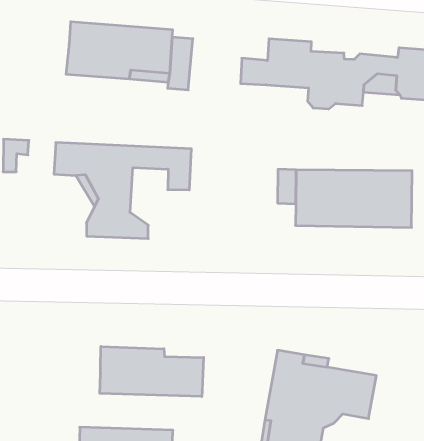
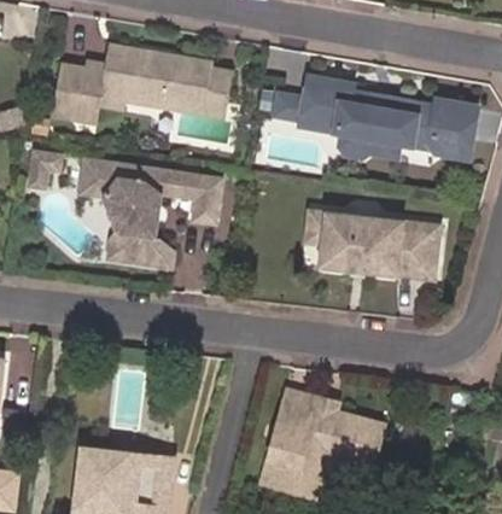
building: none -> [51,59,109,128]
building: [100,346,204,397] -> none

